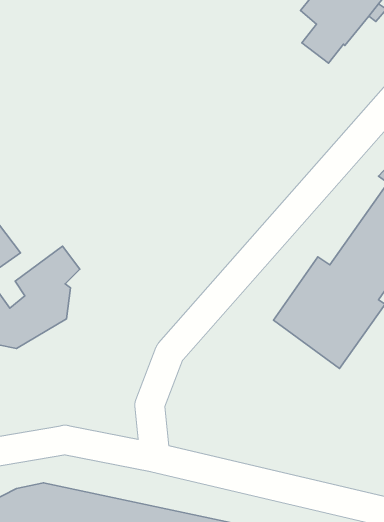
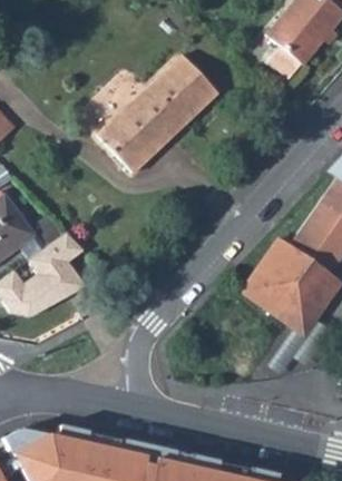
building: none -> [97,56,217,174]

